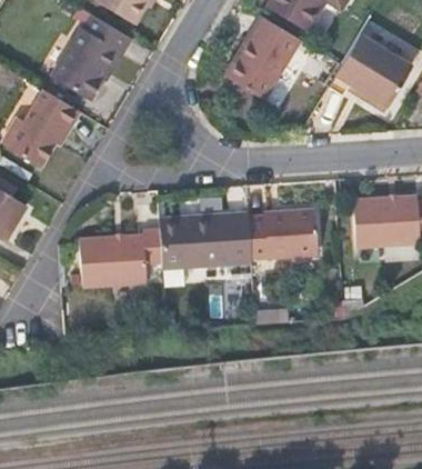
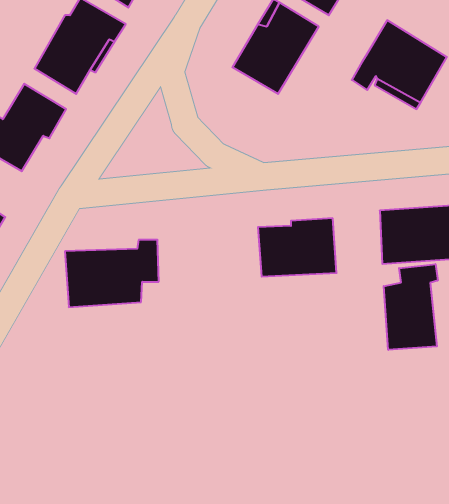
building: [158,211,250,266] -> none
building: none -> [384,264,438,350]

